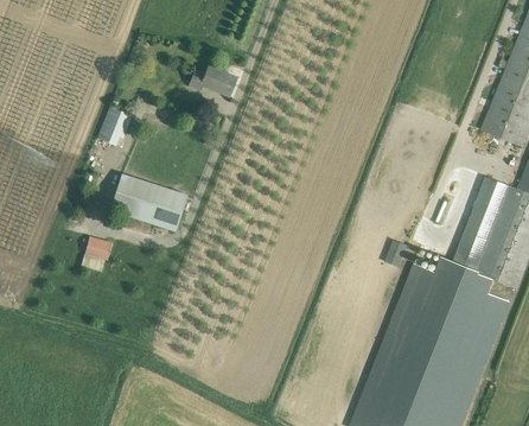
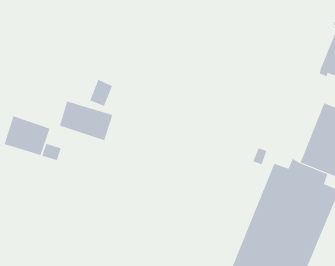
building: [190,65,236,95] -> none
building: [97,106,130,145] -> [89,79,113,106]
building: none -> [4,115,50,156]

